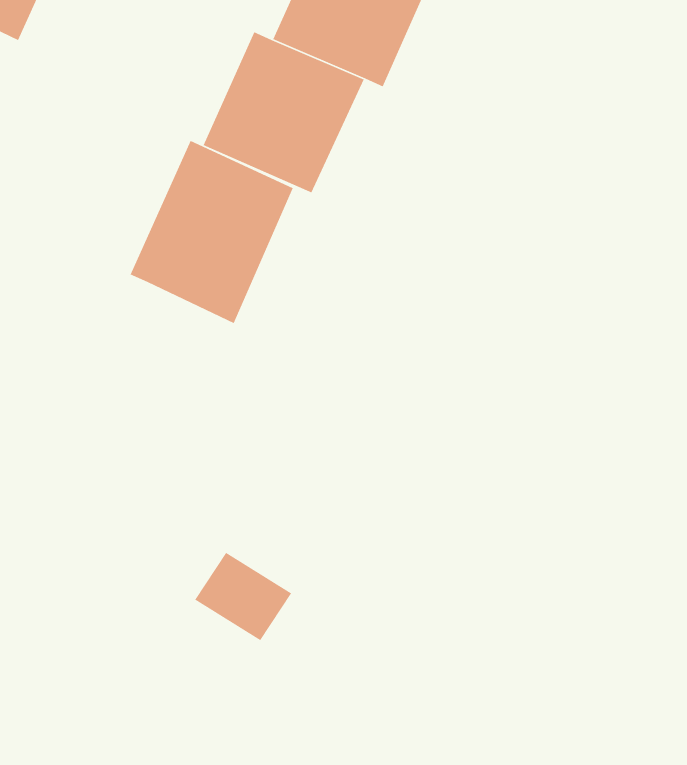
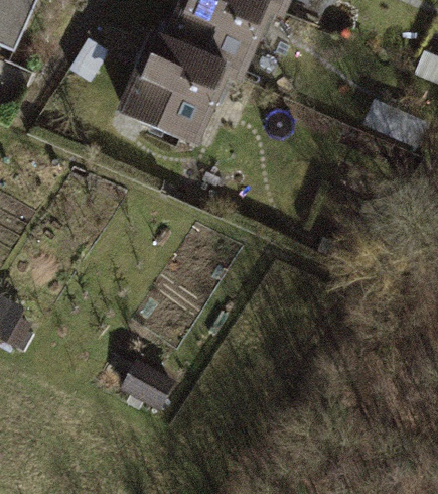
building: [129,140,294,324] -> none

